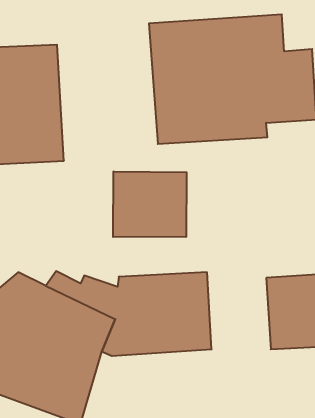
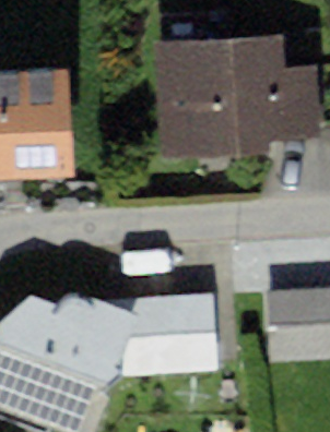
building: [113,171,187,237] -> none

